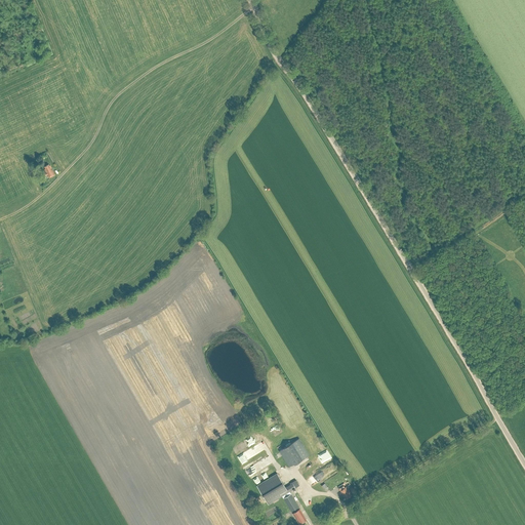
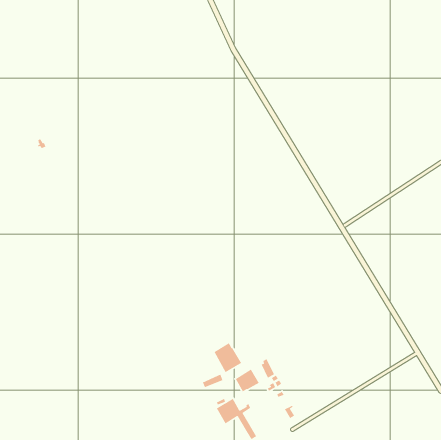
building: none -> [214,342,242,373]

